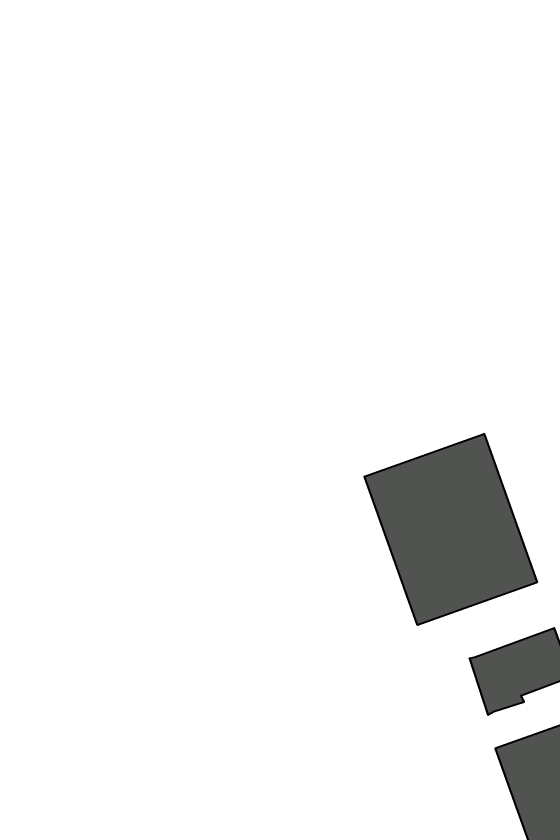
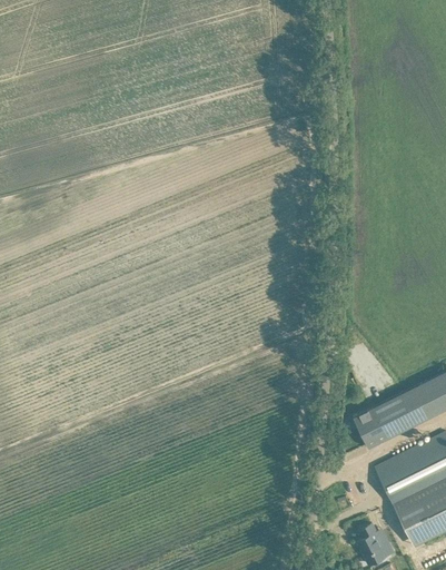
building: [364,434,537,625] -> none

